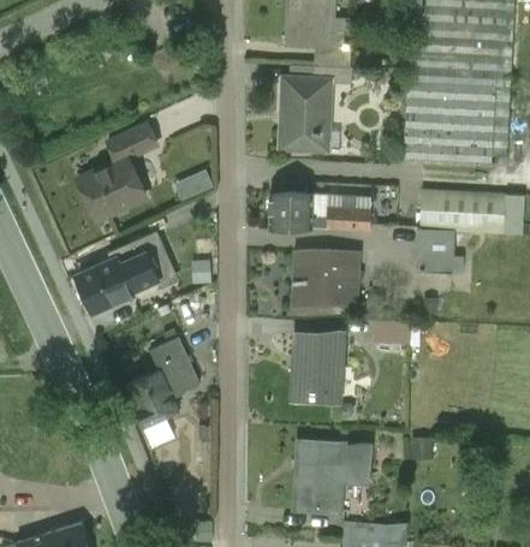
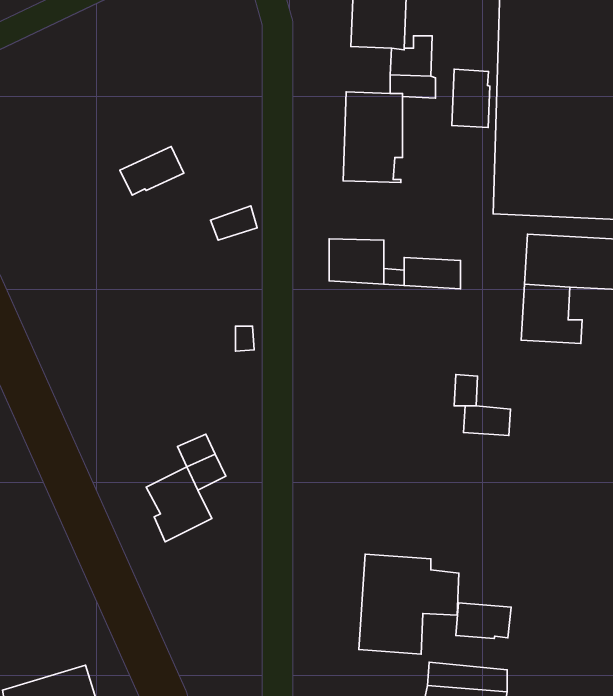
building: none -> [452,69,490,127]
building: [81,155,147,216] -> none
building: [81,233,169,309] -> none
building: [296,251,363,308] -> none
building: [296,332,344,398] -> none
building: none -> [456,603,511,638]

